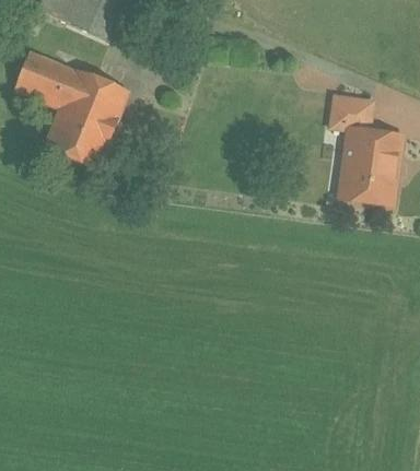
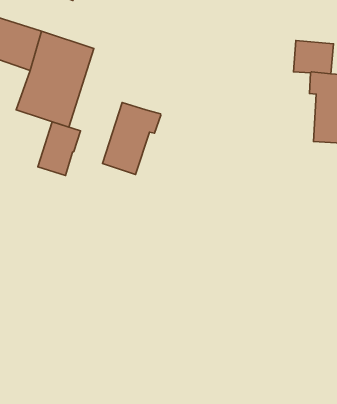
building: none -> [102,102,161,174]
building: none -> [38,122,81,176]

